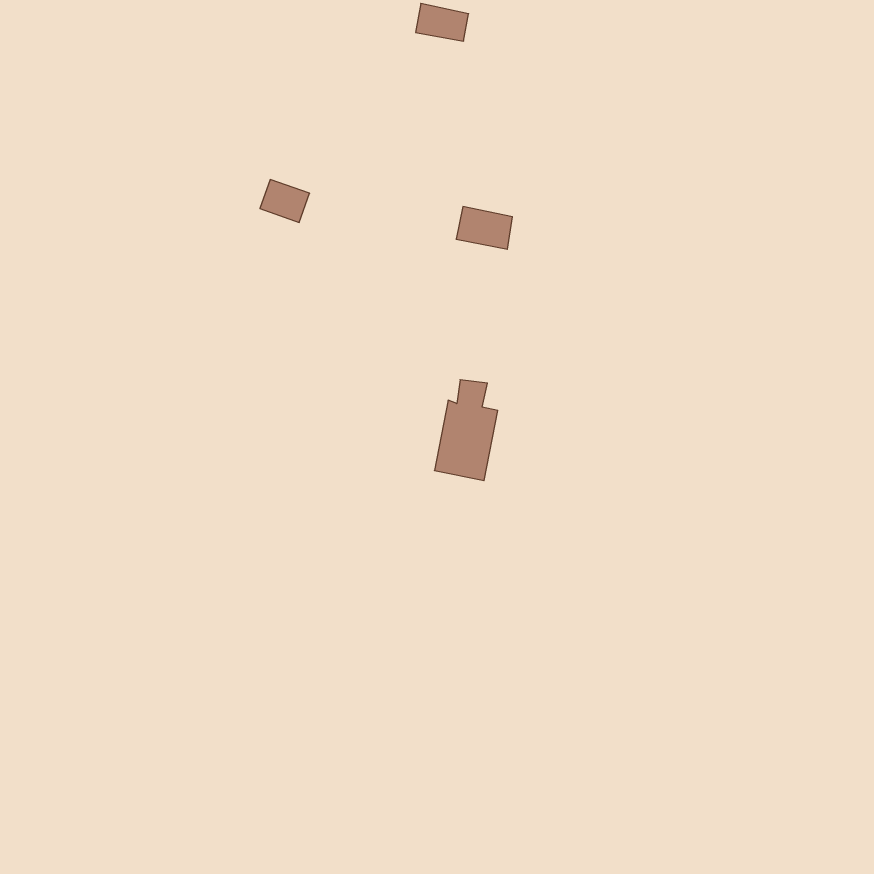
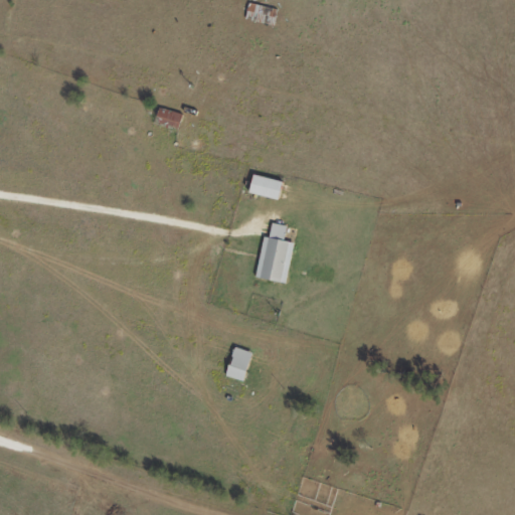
building: [456,207,512,249] -> [248,174,282,199]
building: none -> [225,347,251,381]

